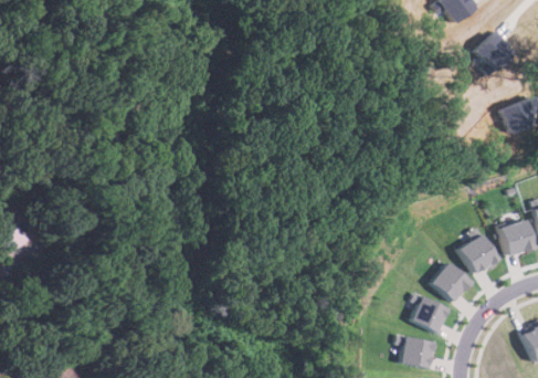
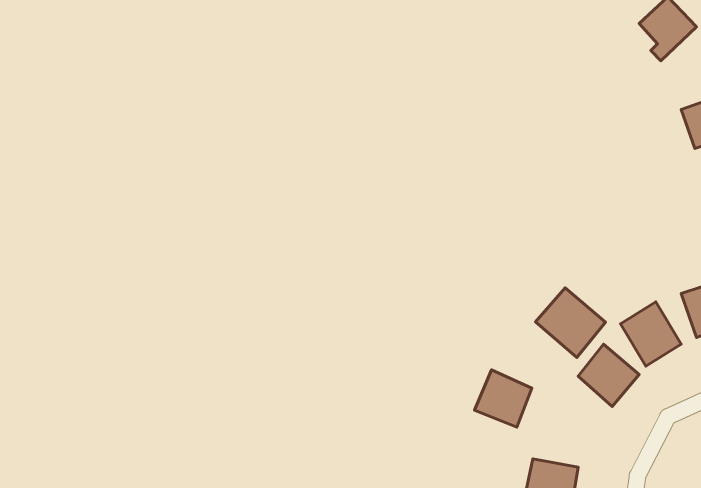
building: none -> [535,288,606,358]
building: [411,295,449,333] -> [475,370,532,427]

